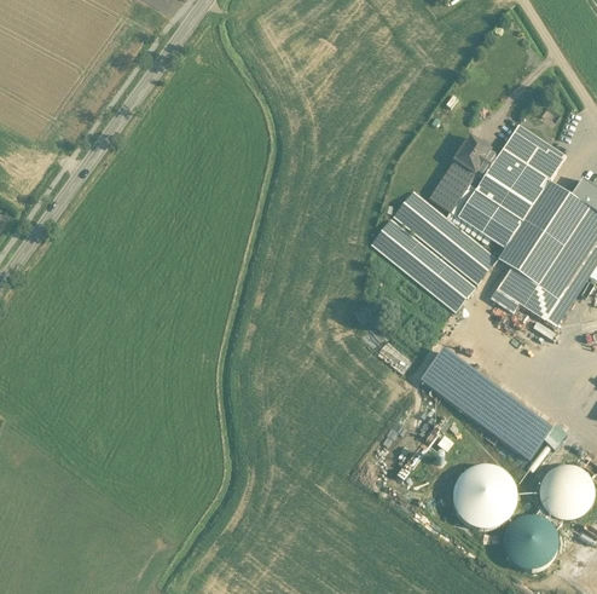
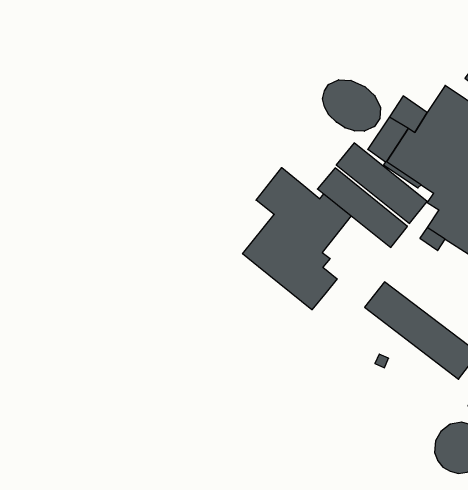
building: none -> [323,80,380,131]
building: none -> [243,168,351,310]
building: [453,466,518,530] -> none

